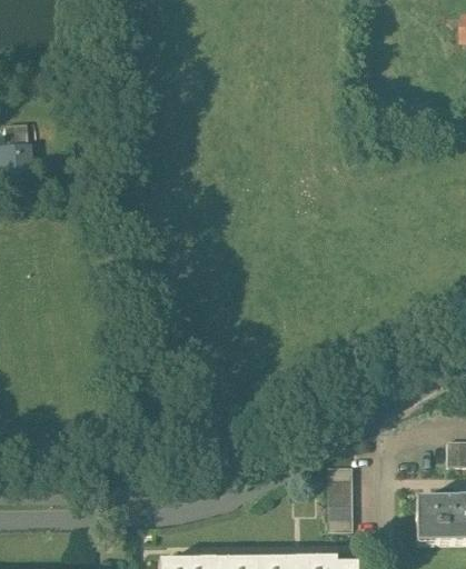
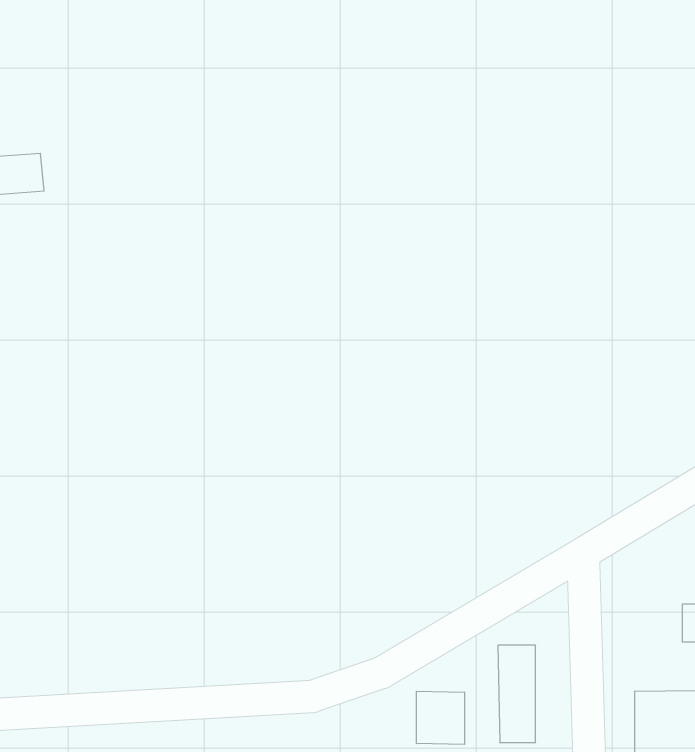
building: none -> [417,691,464,744]

